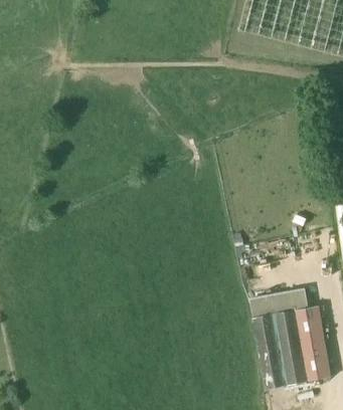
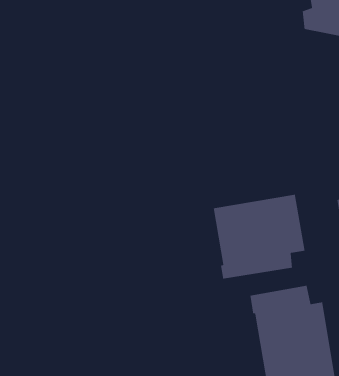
building: none -> [213,194,305,279]

